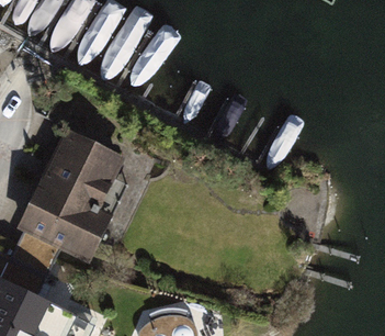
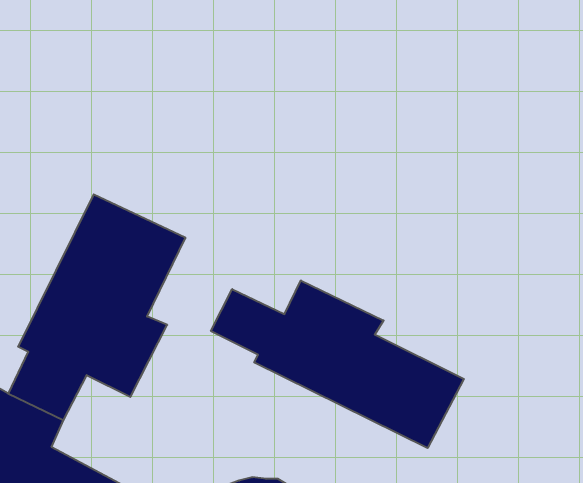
building: none -> [211,280,464,448]

